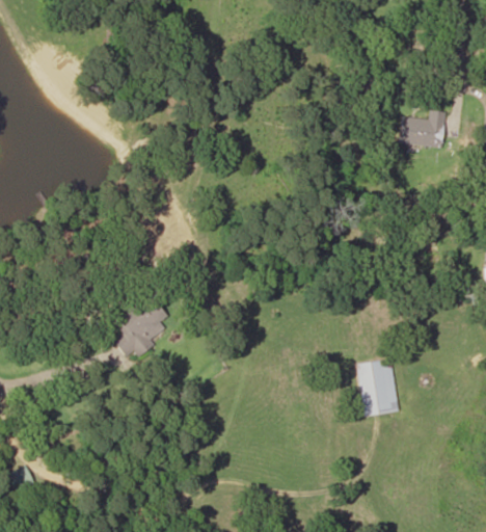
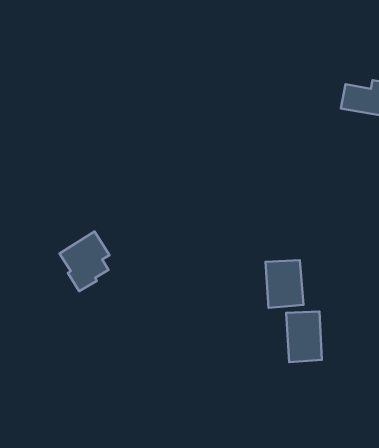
building: none -> [266,260,304,308]

